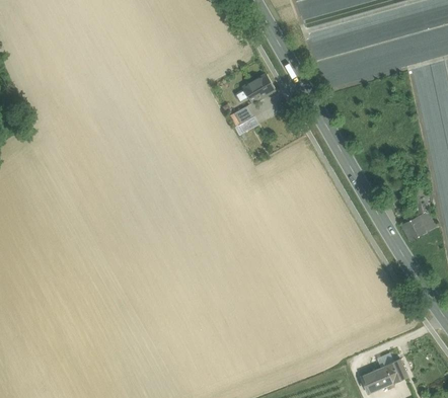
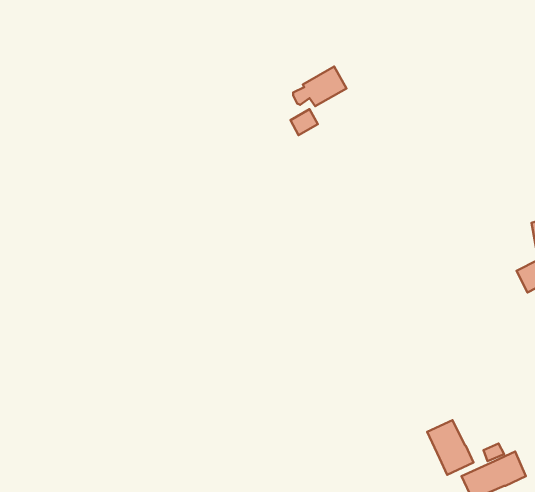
building: none -> [427,420,474,475]

